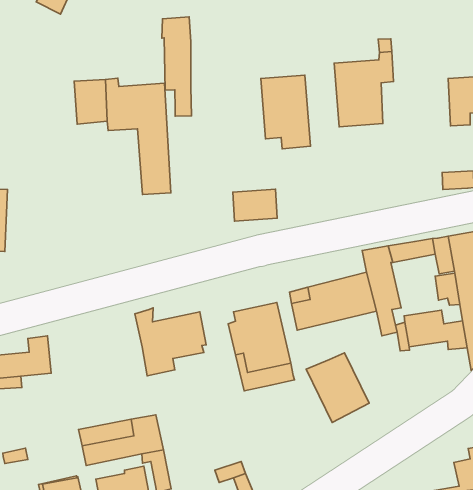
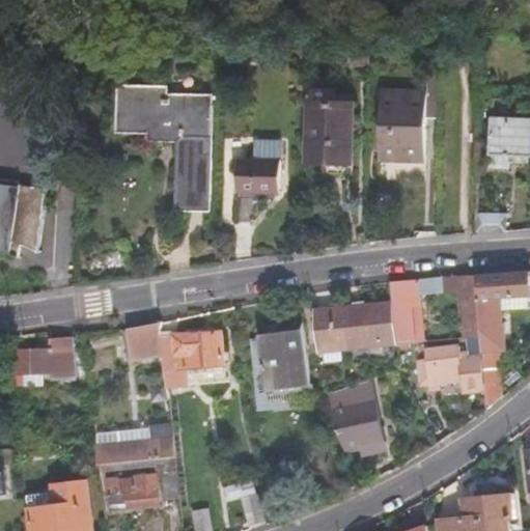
building: [162,17,192,116] -> none
building: [233,189,277,221] -> [234,159,278,189]
building: none -> [127,323,163,359]

